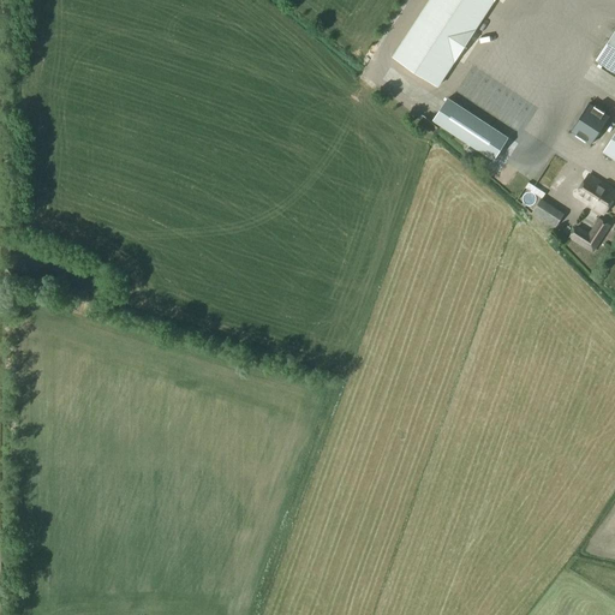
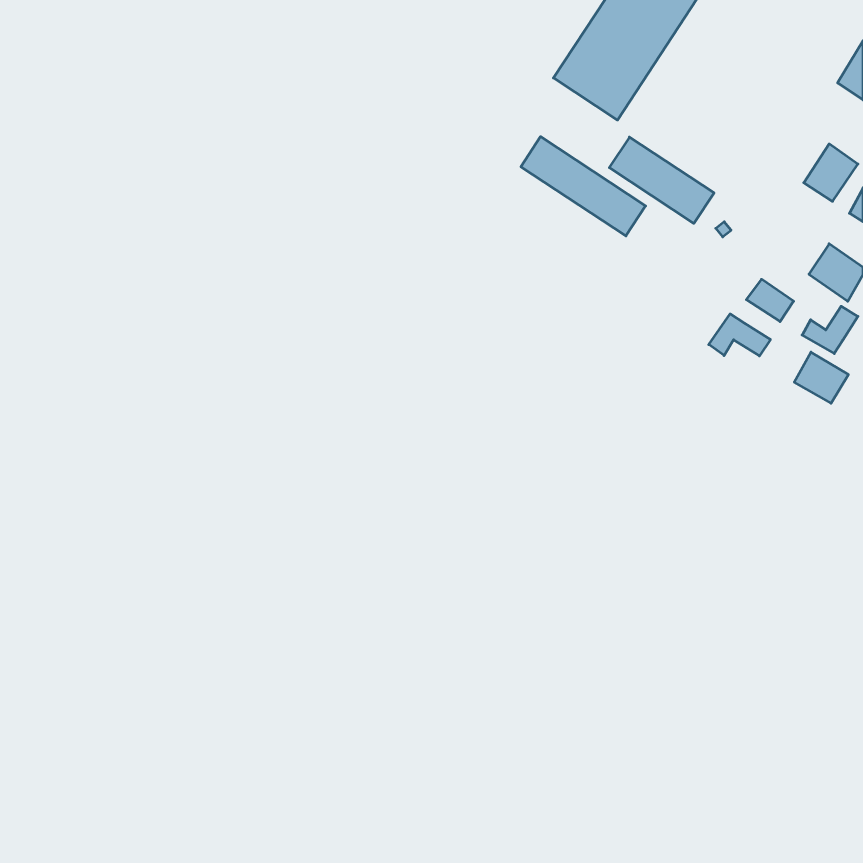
building: none -> [521,137,646,236]
building: none -> [709,314,770,356]
building: none -> [794,352,848,403]

